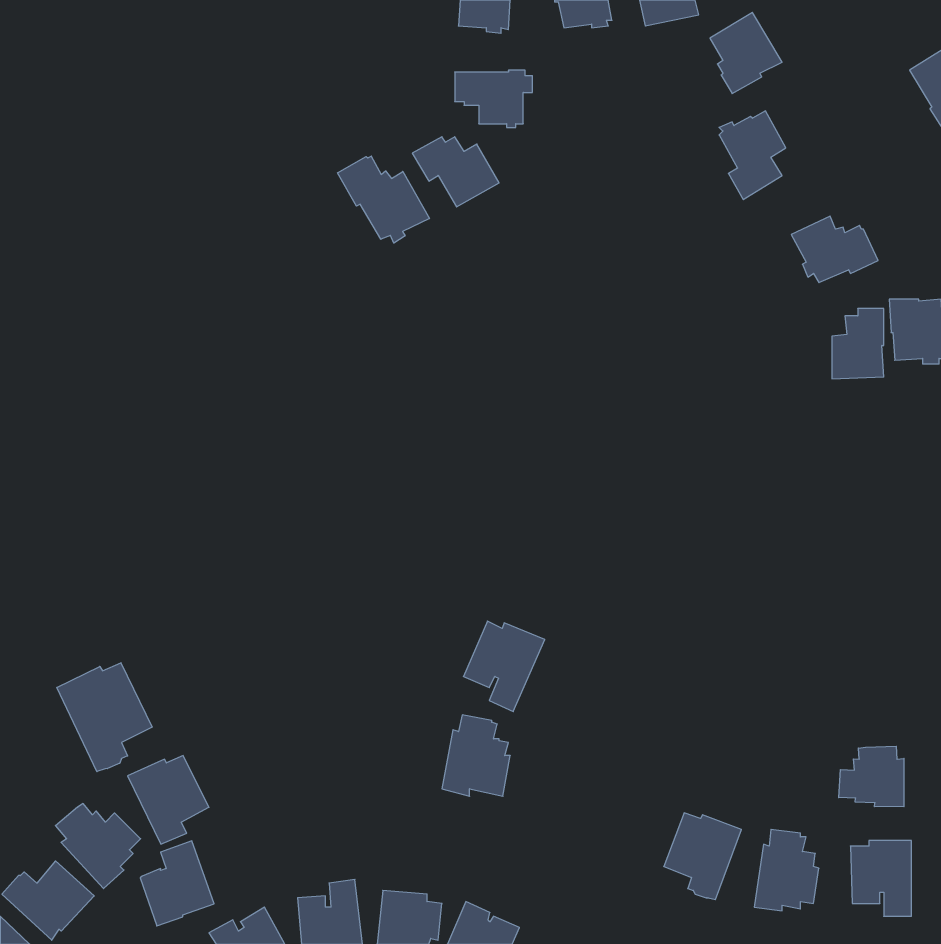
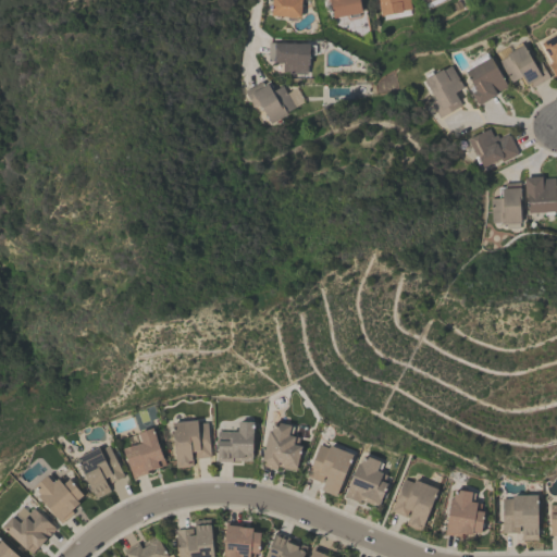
building: [710,12,782,94] -> [467,57,509,104]
building: none -> [500,44,550,86]
building: [338,156,429,243] -> none
building: [463,621,545,712] -> [307,443,355,496]
building: [57,663,152,772] -> none
building: none -> [174,420,211,467]
building: none -> [219,421,255,461]
building: [839,746,904,807] -> none
building: none -> [345,454,388,508]
building: [140,841,214,926] -> [124,428,168,478]

